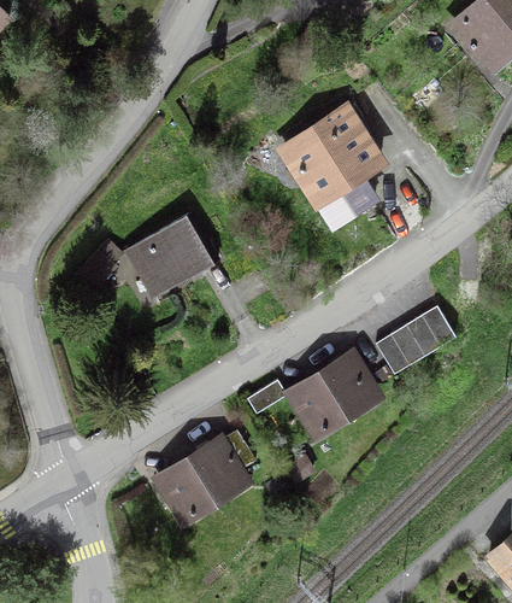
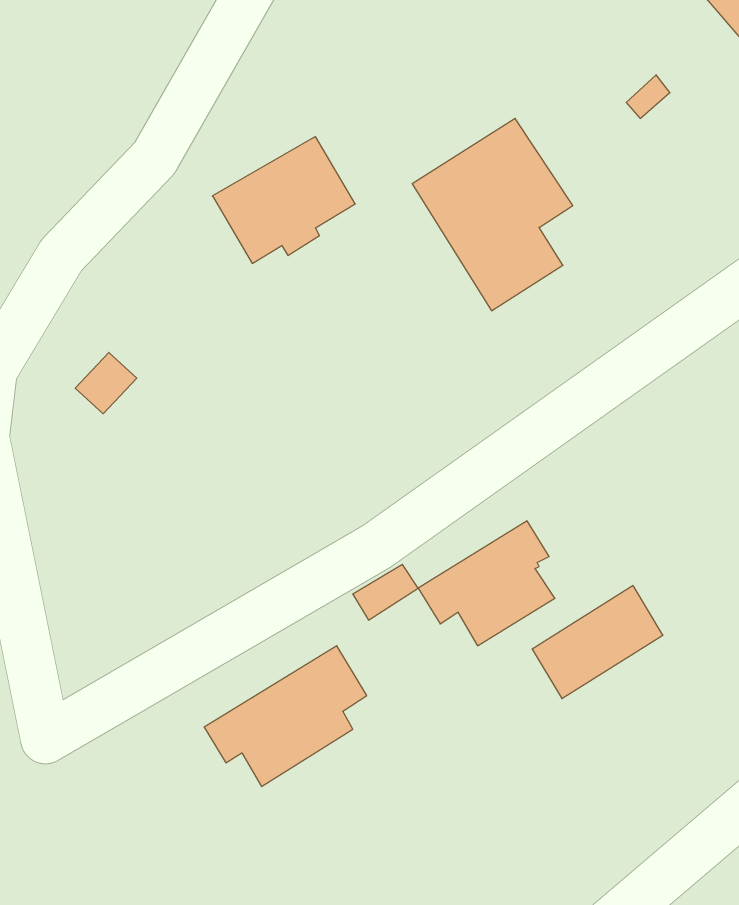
building: [129,212,216,289] -> [212,137,355,263]
building: [376,305,455,374] -> [532,586,663,699]

